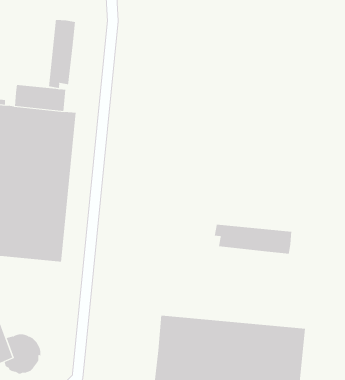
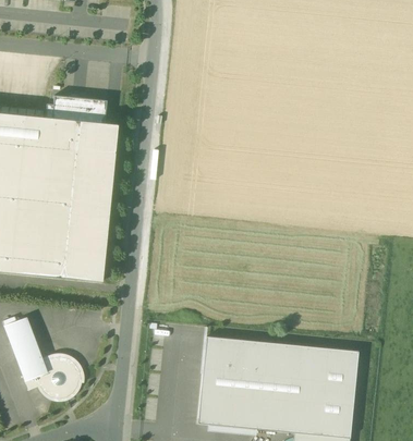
building: [48,19,76,89] -> none
building: [214,224,292,254] -> none

